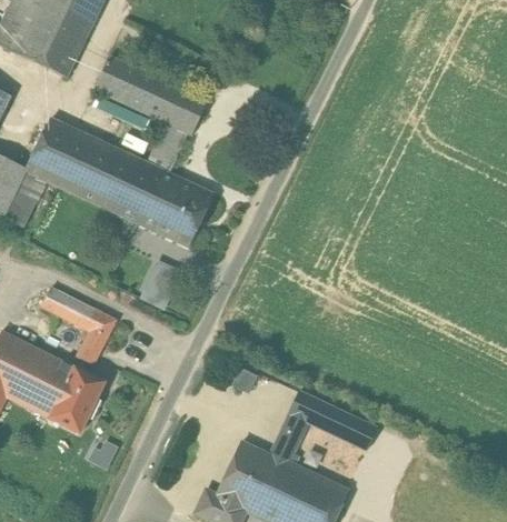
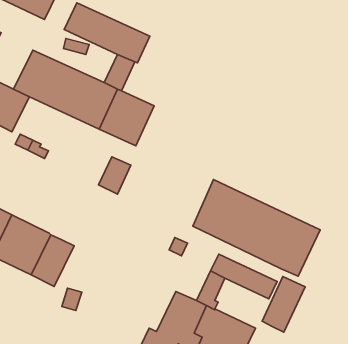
building: [47,287,116,371] -> none
building: none -> [193,180,320,276]
building: none -> [262,276,305,332]

